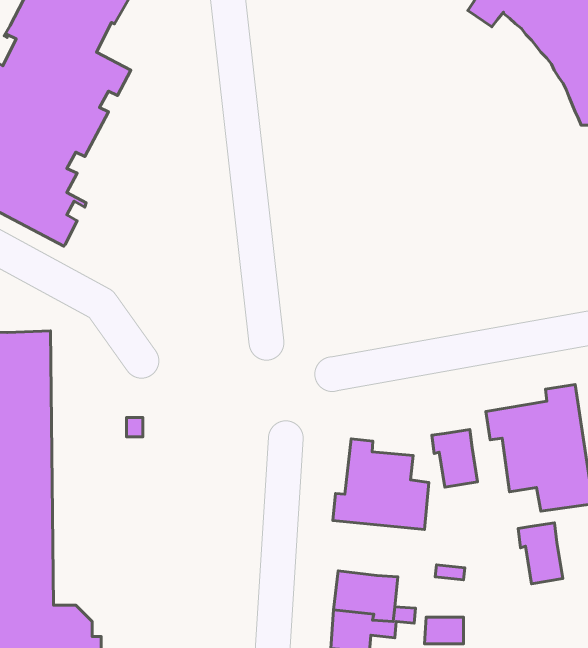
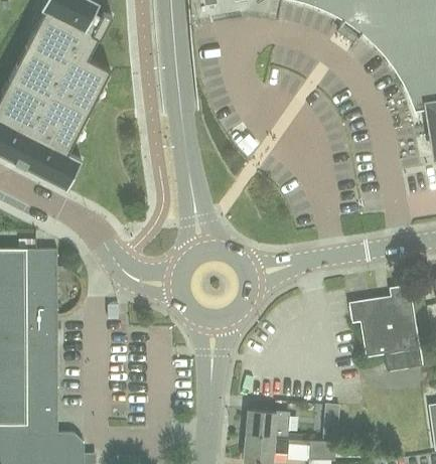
building: [432,430,478,487] -> none
building: [333,439,429,530] -> none
building: [518,523,563,584] -> none

